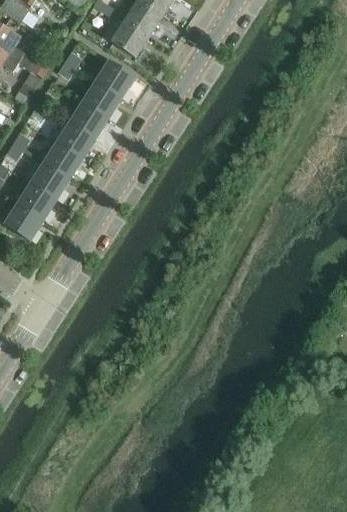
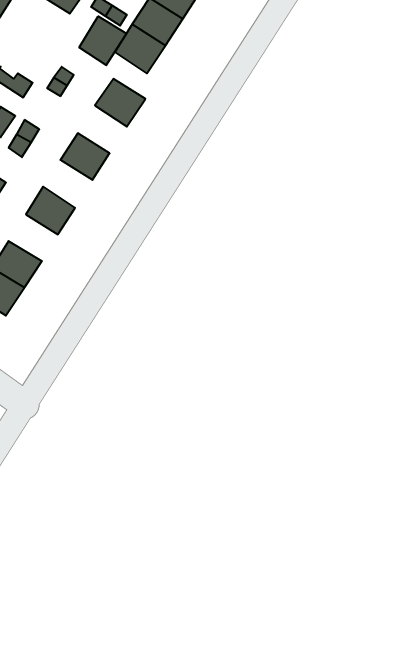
building: none -> [79,16,126,65]
building: [82,81,119,117] -> none
building: [56,122,93,158] -> none
building: [30,163,67,198] -> none

